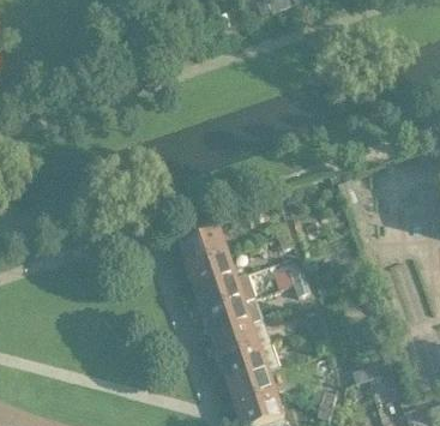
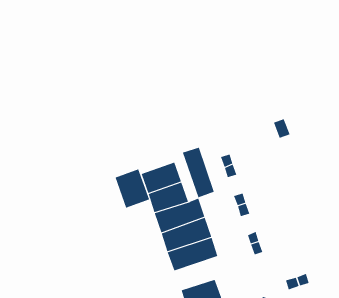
building: none -> [182,147,215,198]
building: none -> [115,169,150,208]
building: [218,337,279,378] -> none

